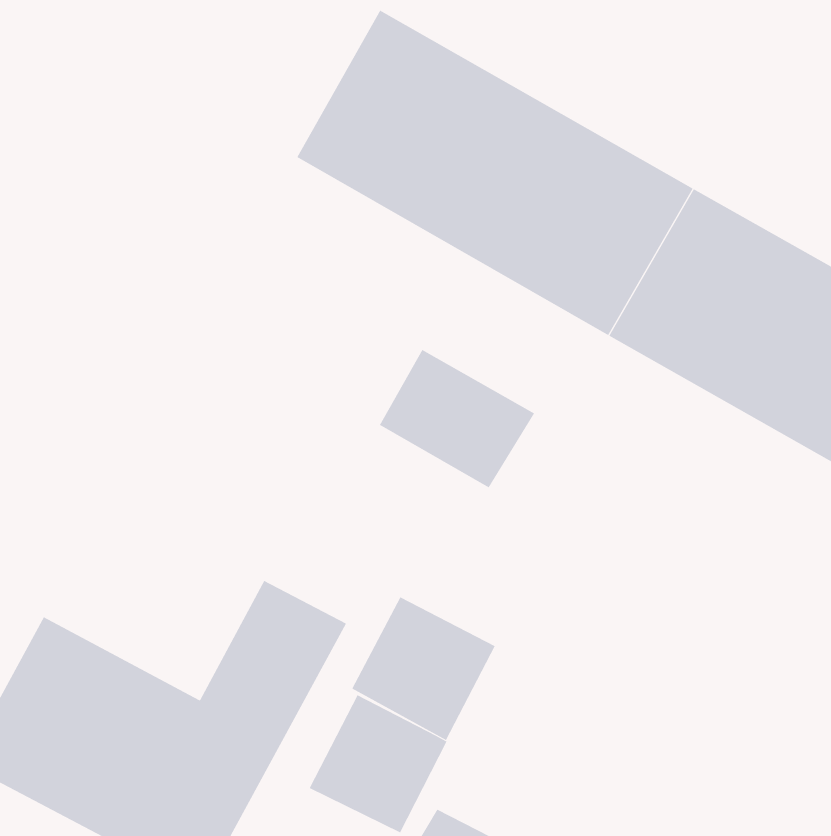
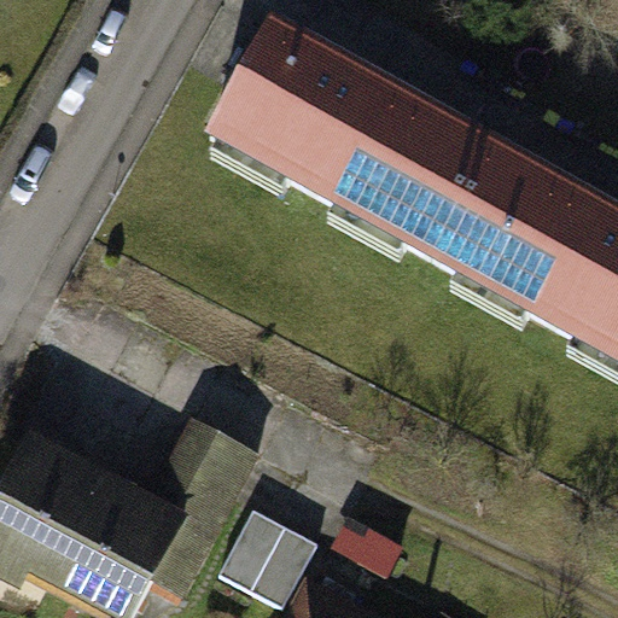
building: [379,349,535,488] -> none
building: [351,596,495,741] -> none

